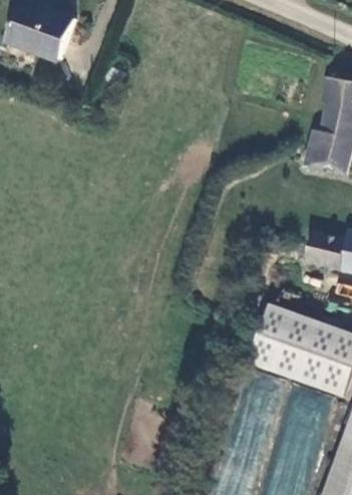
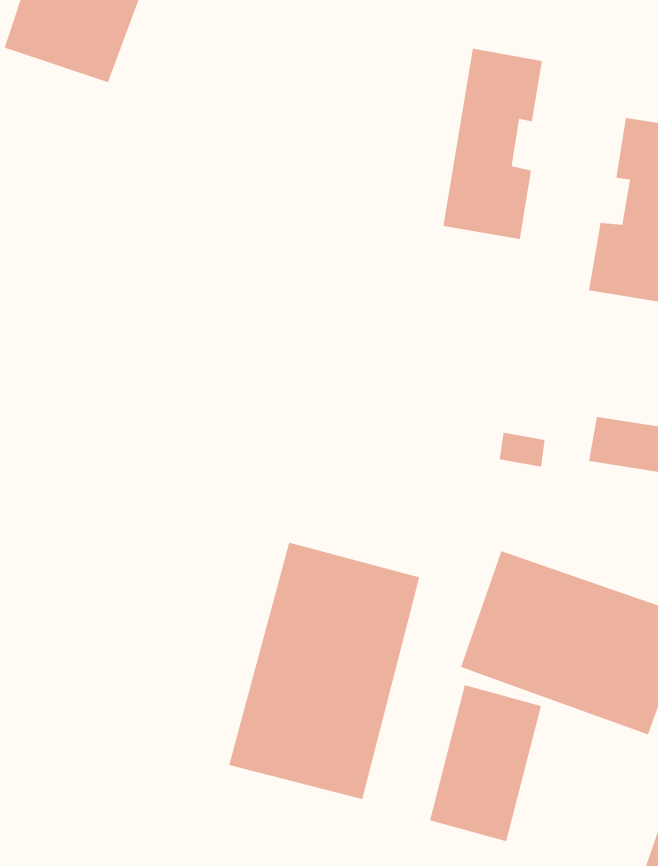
building: none -> [443,48,543,240]
building: none -> [229,542,420,800]

